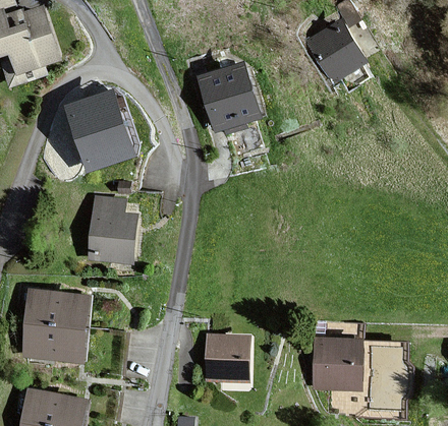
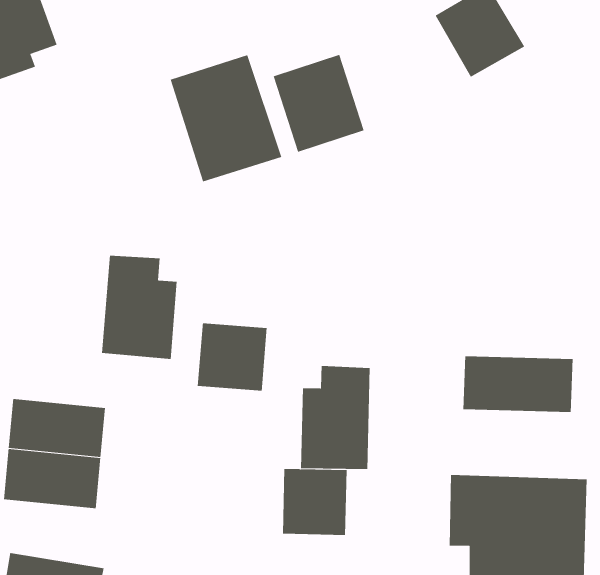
building: [63,87,136,171] -> [170,54,282,182]
building: none -> [197,322,267,391]
building: none -> [463,355,573,413]
building: none -> [301,365,370,470]

